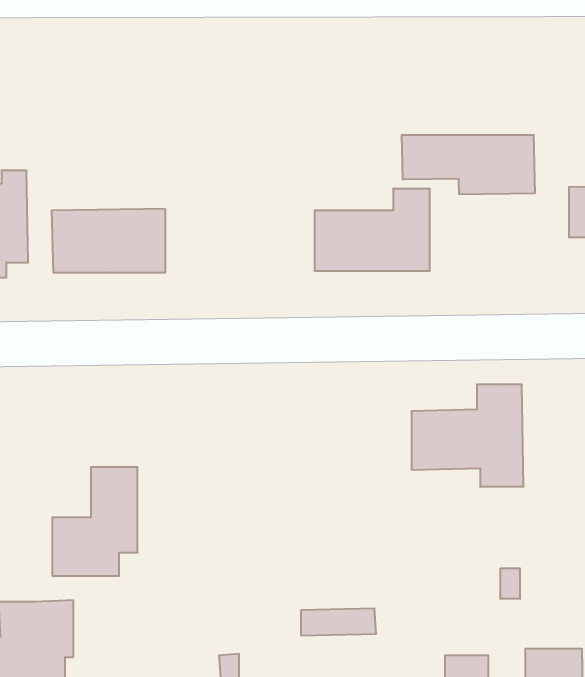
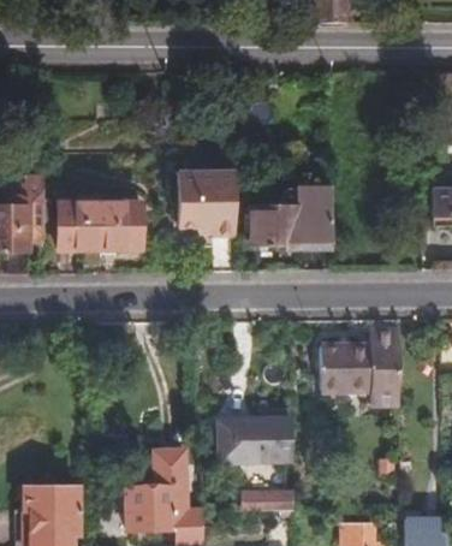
building: [402,135,535,194] -> none
building: none -> [179,170,237,233]
building: [52,467,138,576] -> [125,449,186,527]
building: none -> [219,411,293,459]

